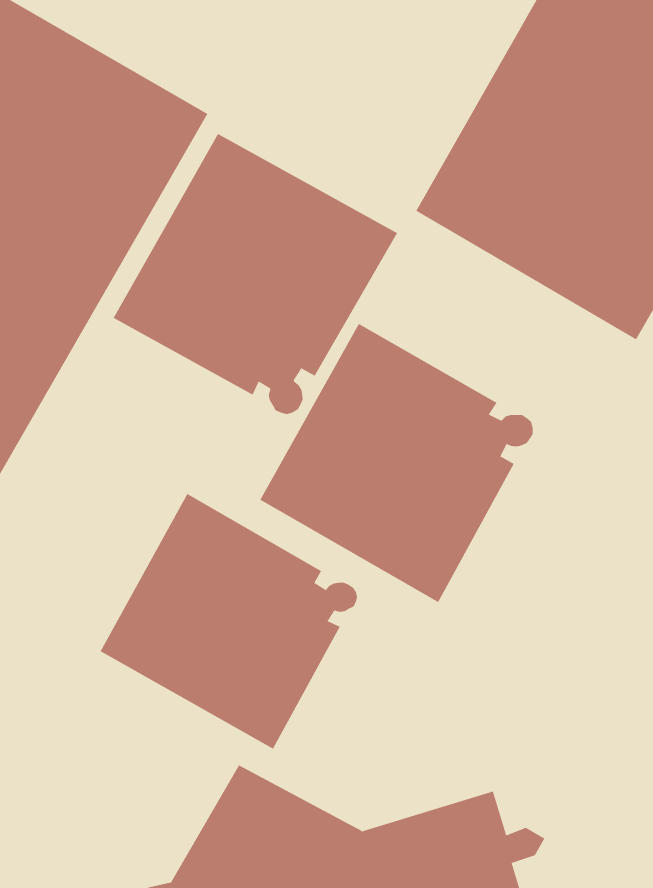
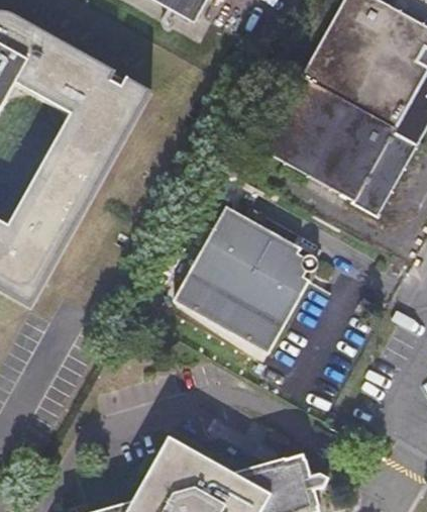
building: [113,133,398,415] -> none
building: [100,493,358,749] -> none

